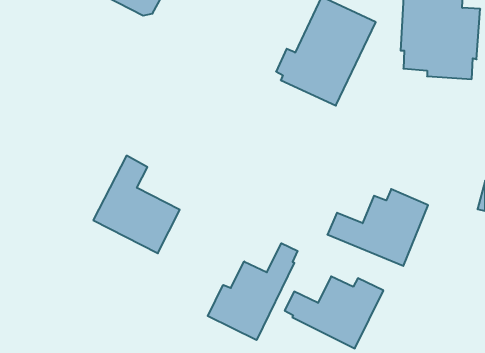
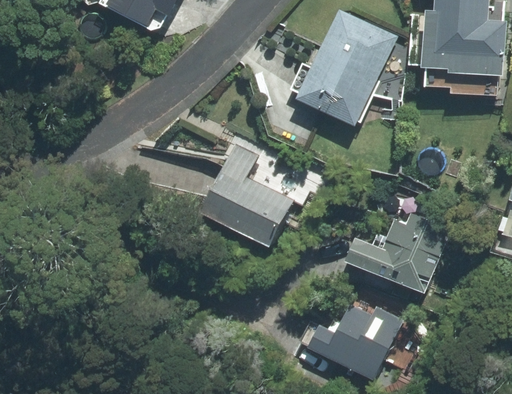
building: [93,156,180,253] -> [201,143,292,246]
building: [208,243,298,340] -> none

